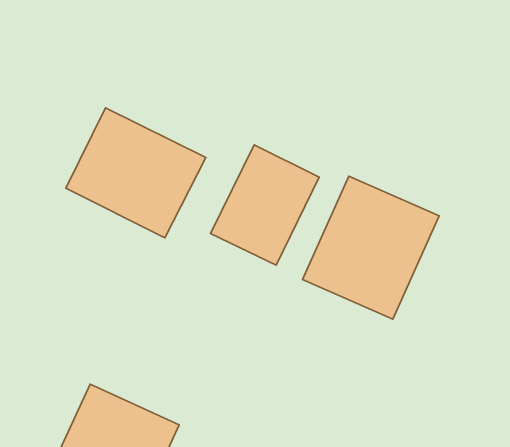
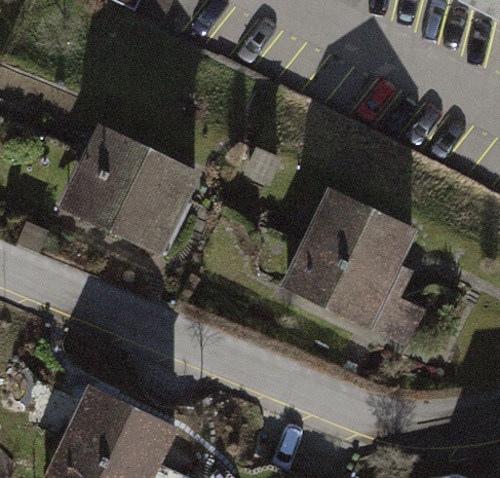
building: [210,145,319,265] -> none

